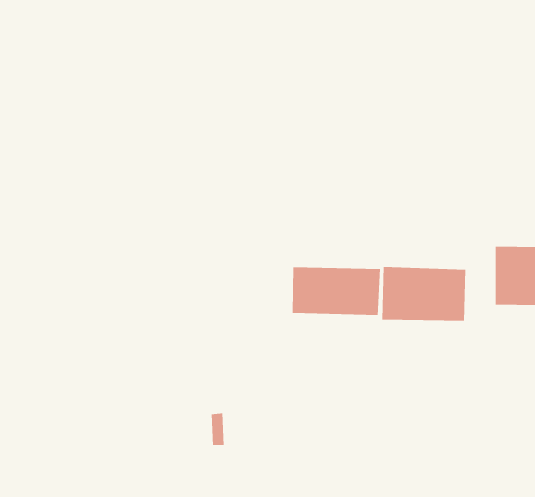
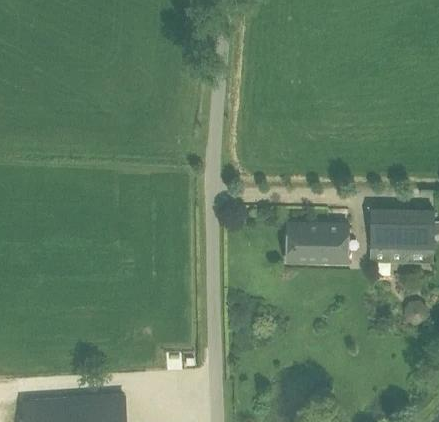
building: [292,266,380,316] -> none

